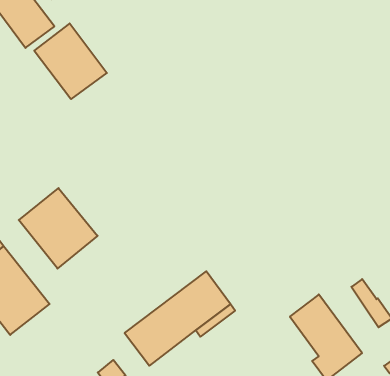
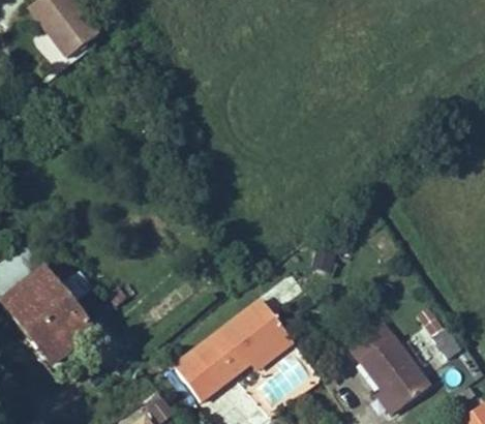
building: [34,23,107,99] -> none
building: [19,188,98,269] -> none

